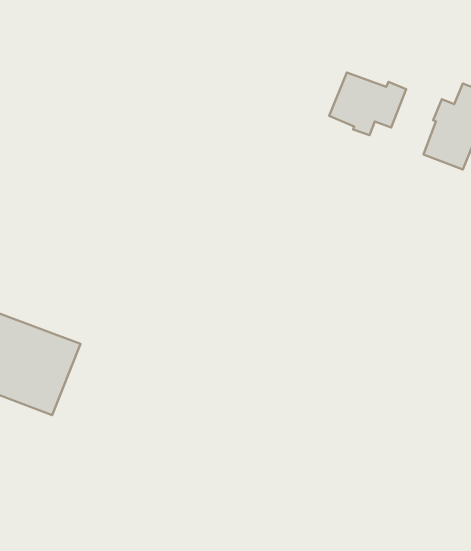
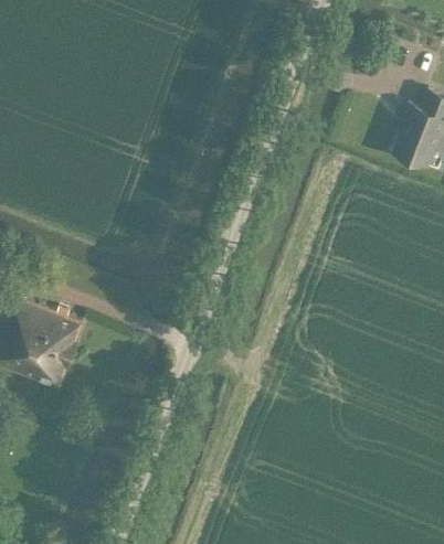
building: [329,73,406,135] -> none

